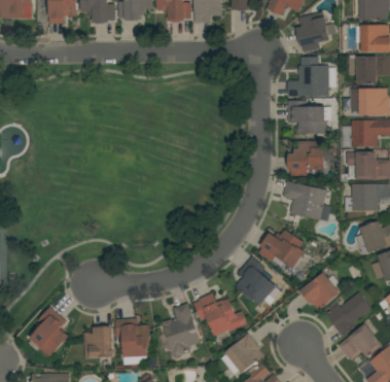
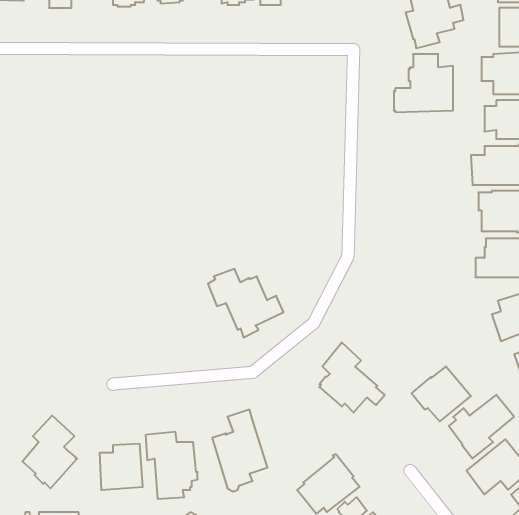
building: [288,101,332,134] -> none
building: [289,141,330,176] -> none
building: [283,181,331,221] -> none
building: [259,230,308,270] -> none
building: [194,293,247,341] -> [208,269,284,337]

